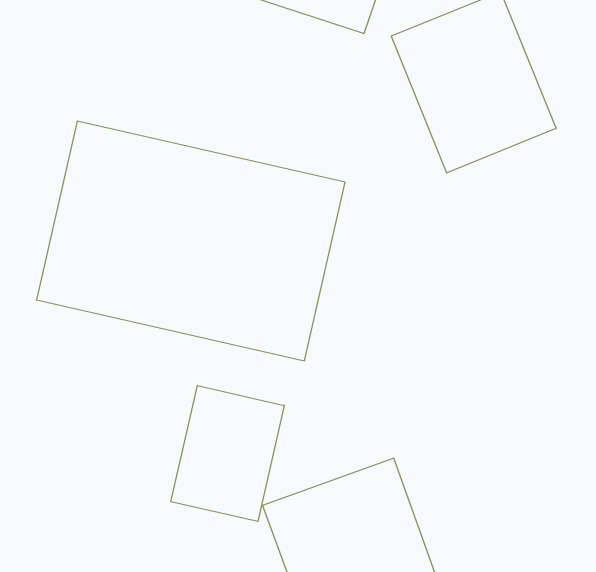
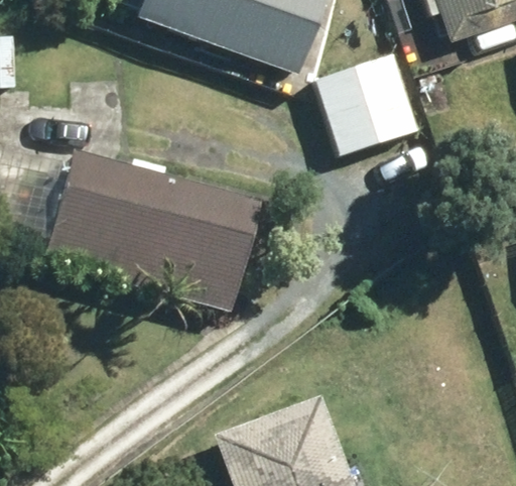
building: [171,385,284,522] -> none

